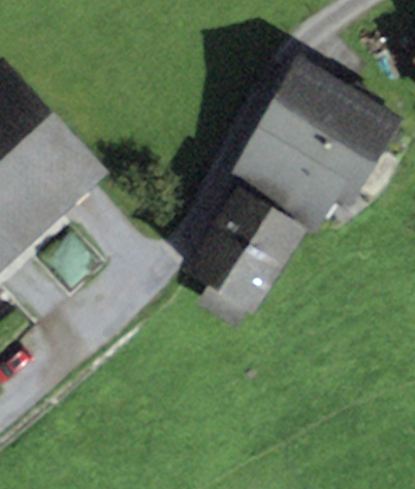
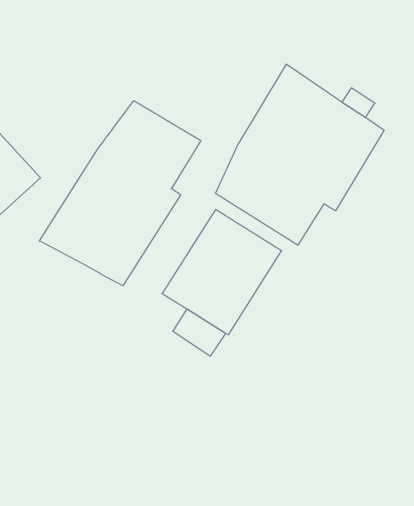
building: none -> [39,101,201,286]

